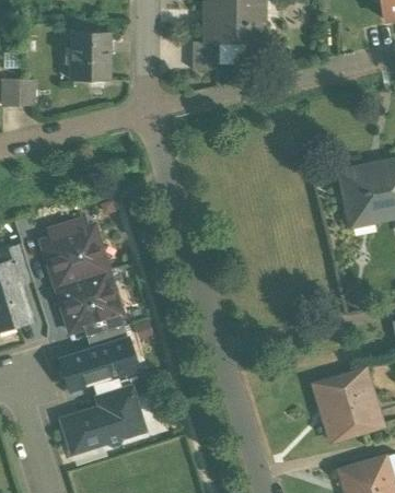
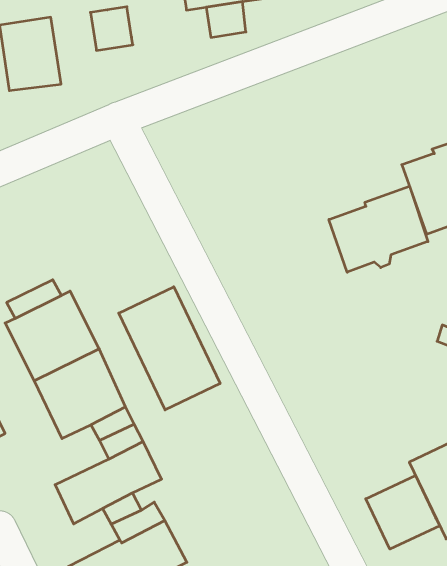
building: [194,42,220,69] -> [90,7,133,50]
building: none -> [329,186,428,272]
building: none -> [119,287,220,410]
building: none -> [366,476,440,549]

